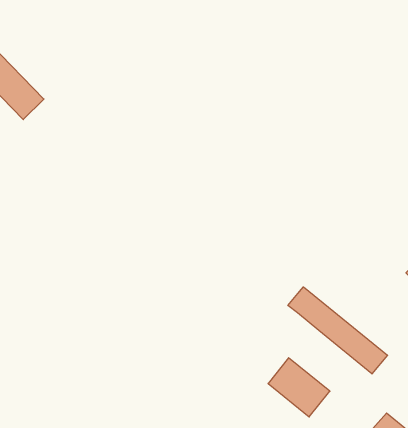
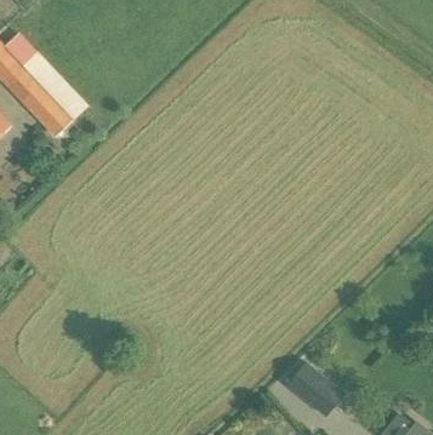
building: [288,287,388,374] -> none

